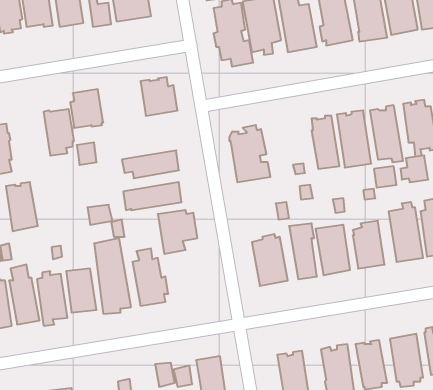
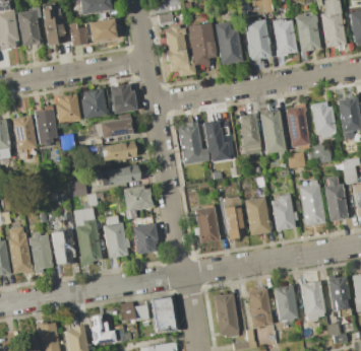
building: none -> [80,88,107,119]
building: none -> [87,118,133,139]
building: none -> [203,120,225,161]
building: [6,182,38,231] -> [12,115,37,152]
building: none -> [132,223,157,254]

